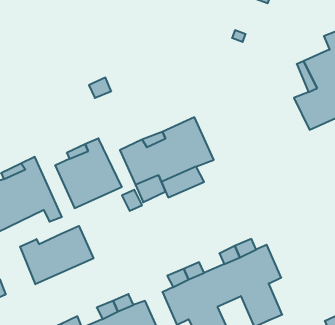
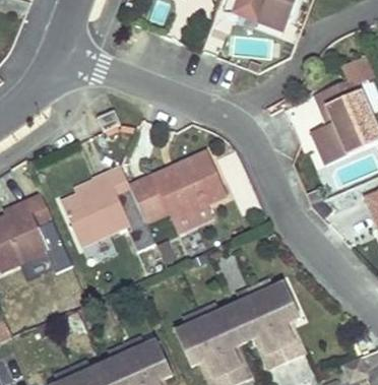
building: [20,226,93,284] -> none

